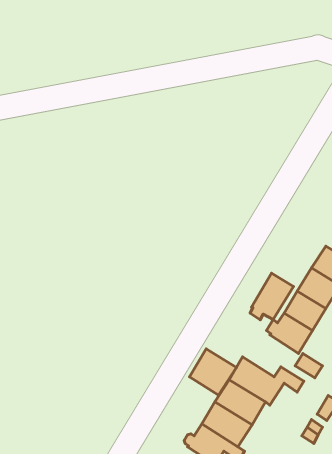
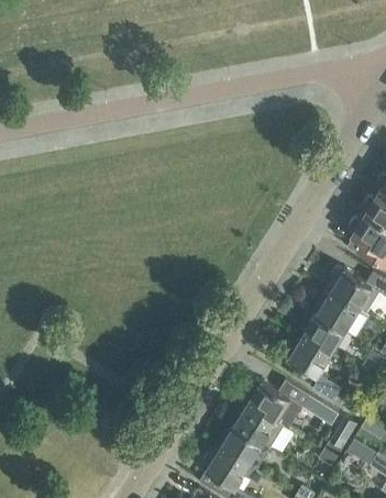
building: [250,273,294,320] -> none
building: [190,349,236,395] -> none

